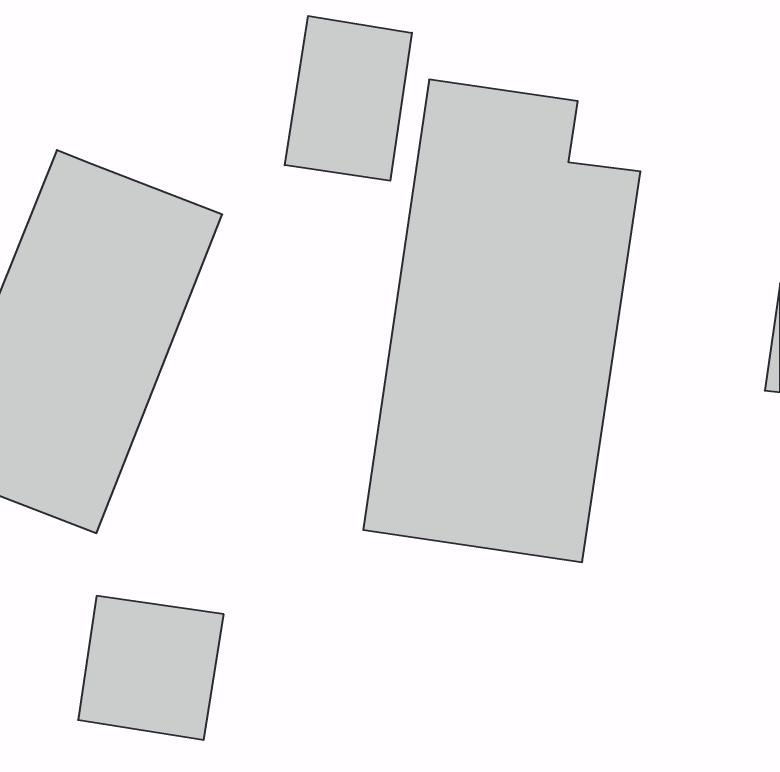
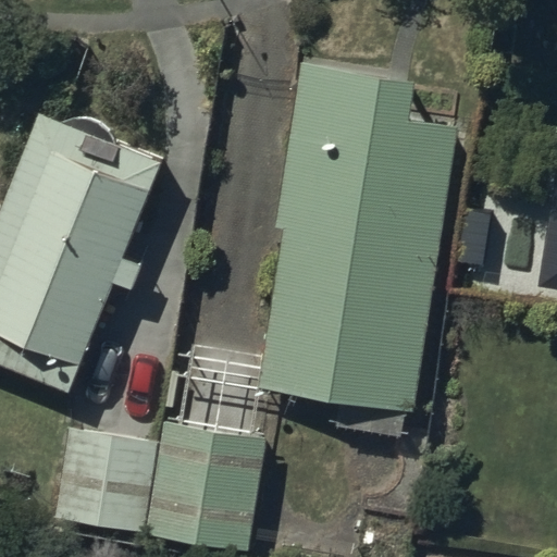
building: [285,16,412,181] -> none
building: none -> [145,424,267,549]

